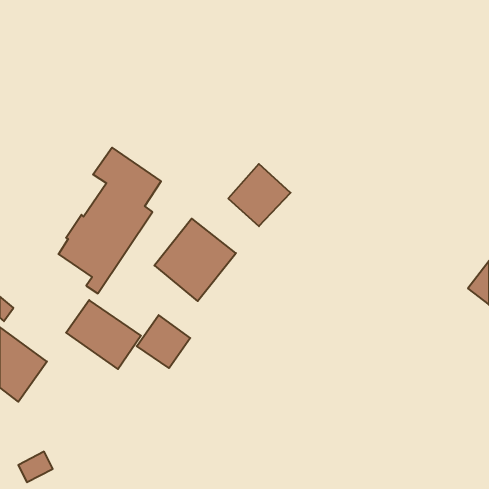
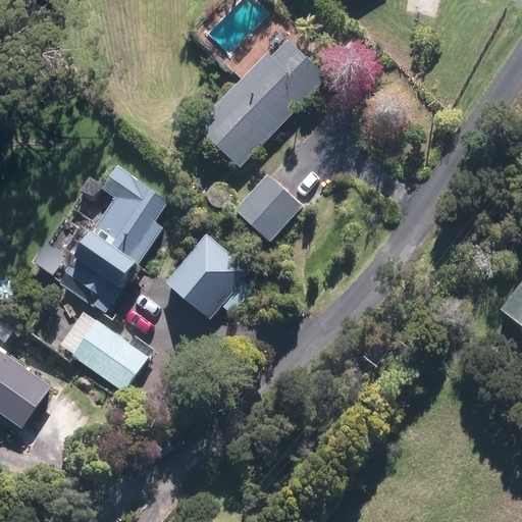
building: none -> [194,39,326,168]
building: [137,315,190,368] -> none

